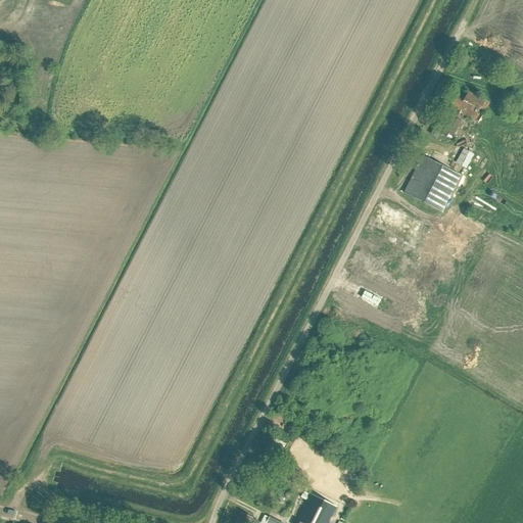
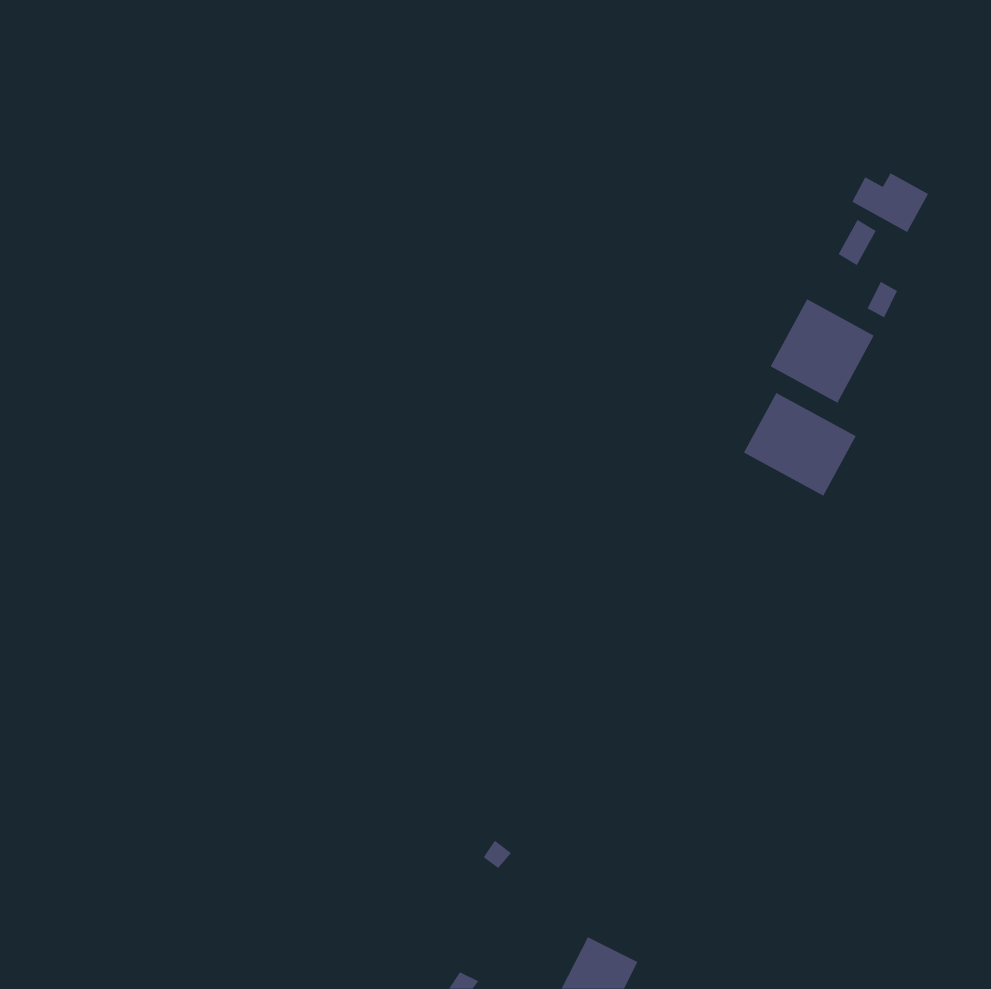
building: none -> [743,392,856,496]

